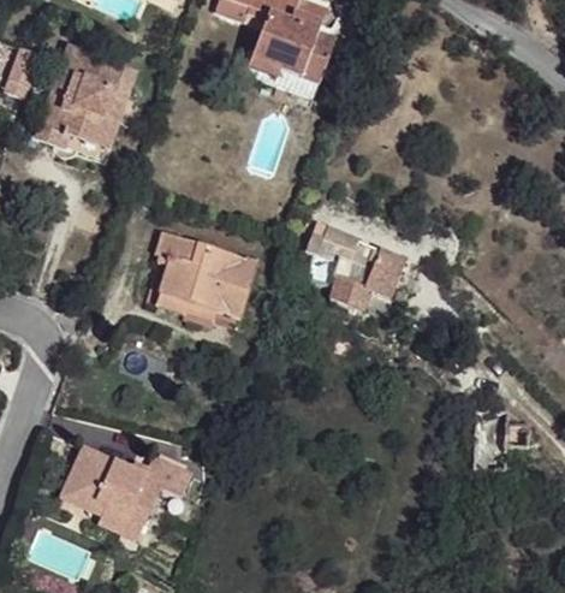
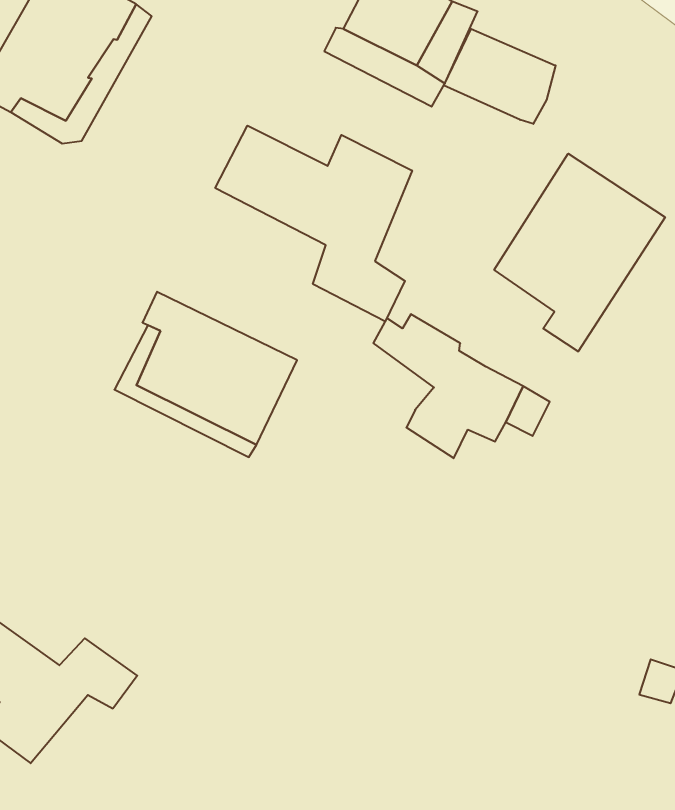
building: none -> [444,29,556,124]
building: none -> [494,154,665,352]
building: none -> [215,126,412,321]

